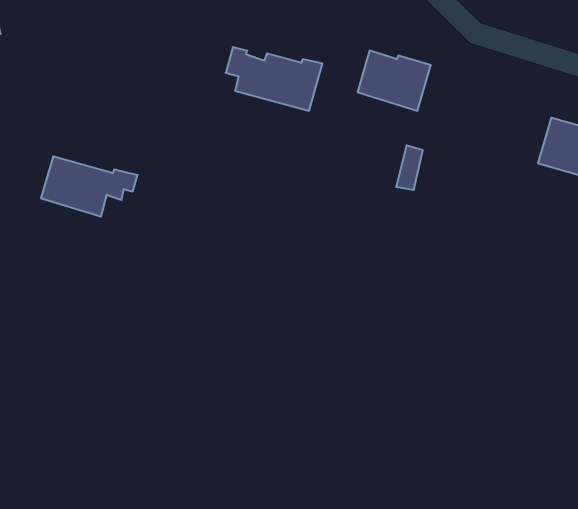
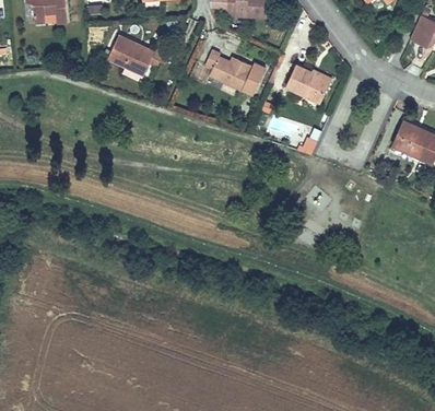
building: [41,156,138,217] -> [107,35,169,77]

